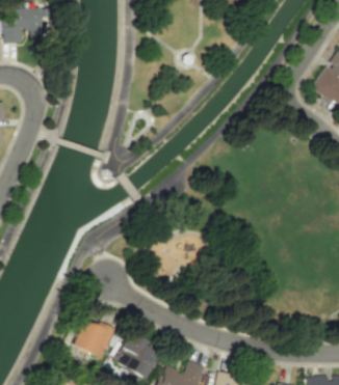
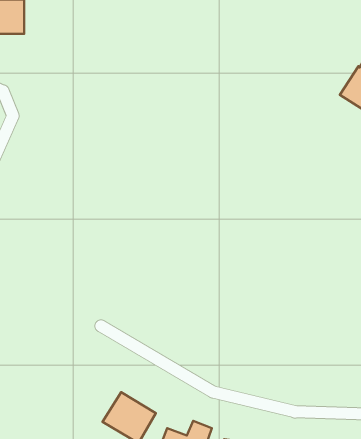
building: [72,319,113,358] -> none

